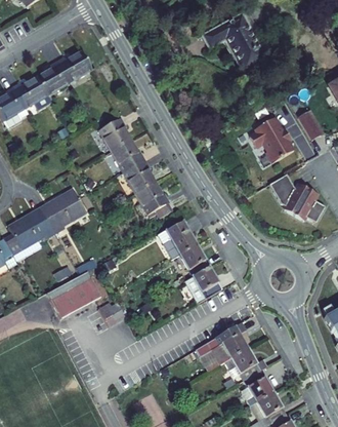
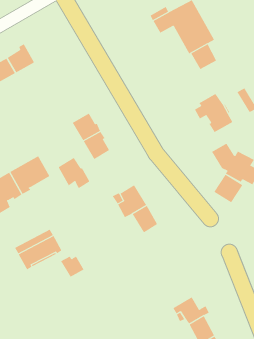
building: [57,51,92,82] -> none
building: none -> [191,44,217,70]
building: [99,117,131,151] -> none
building: [136,182,173,218] -> [58,157,90,189]
building: none -> [214,174,243,203]
building: [184,266,222,303] -> none
building: [196,322,248,364] -> none

